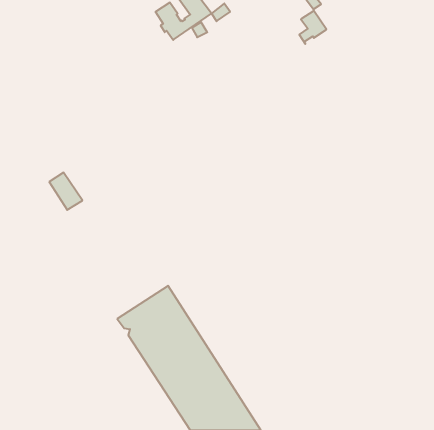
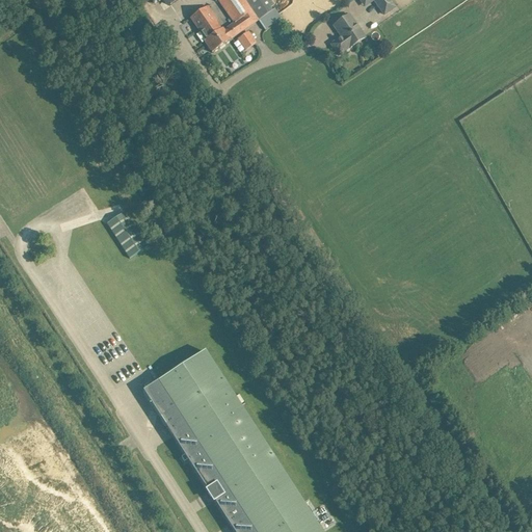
building: [299,11,326,44] -> [331,11,365,52]
building: [49,173,82,210] -> [107,209,148,255]

